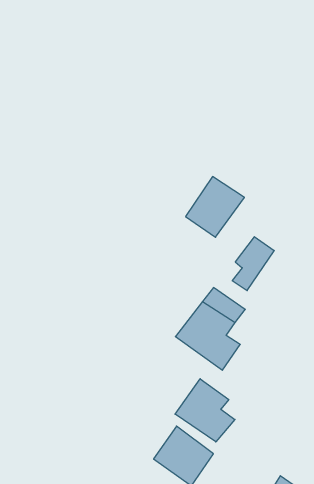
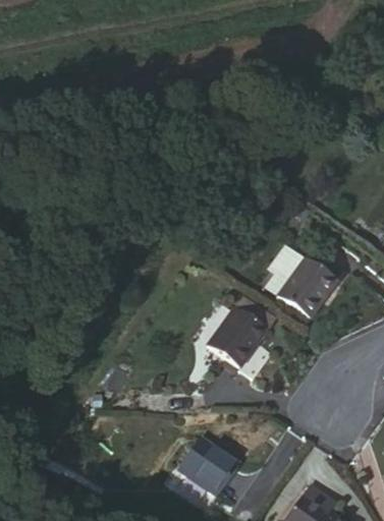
building: [186,177,244,237] -> [279,257,339,320]
building: [175,379,235,442] -> none

